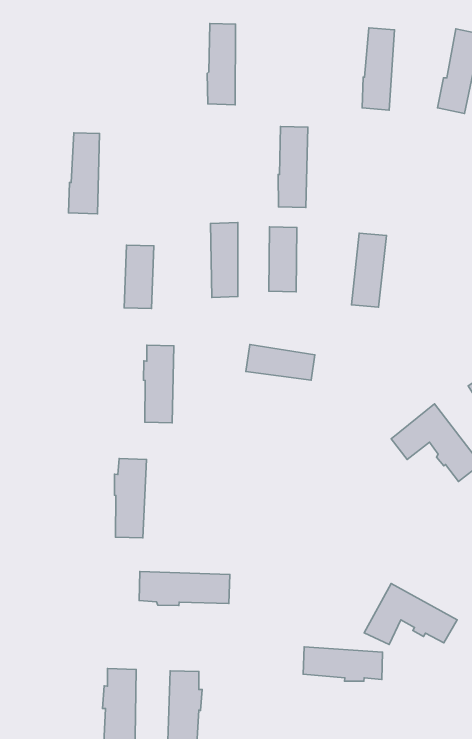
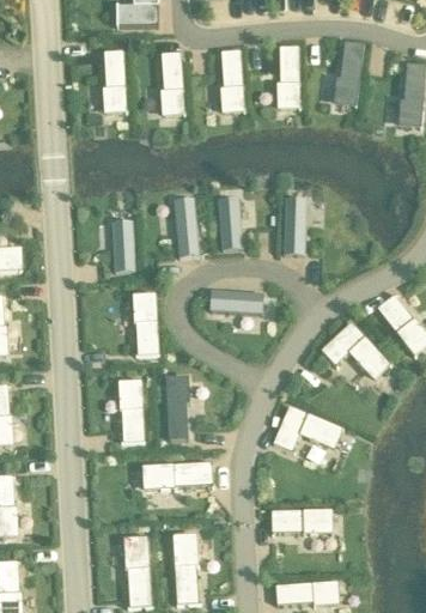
building: [278,126,308,207] -> [220,49,244,110]
building: [69,133,100,214] -> [104,49,127,110]
building: none -> [166,377,188,438]
building: [364,584,457,645] -> [273,405,341,450]

